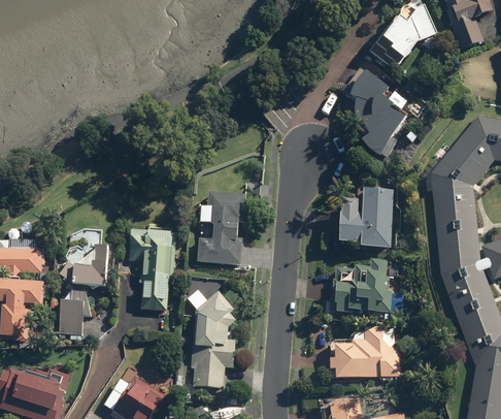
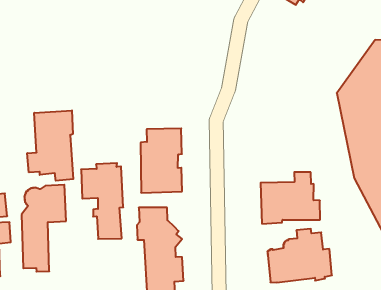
building: [353,66,407,157] -> none
building: none -> [27,110,73,181]
building: [340,188,394,248] -> none

